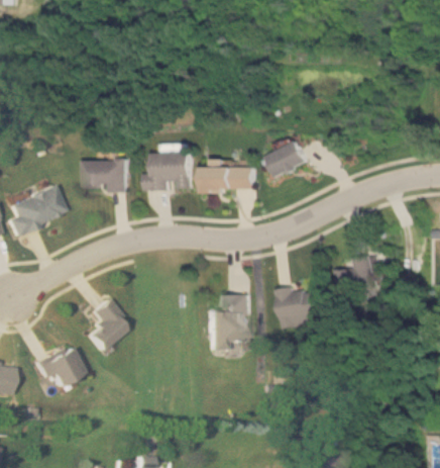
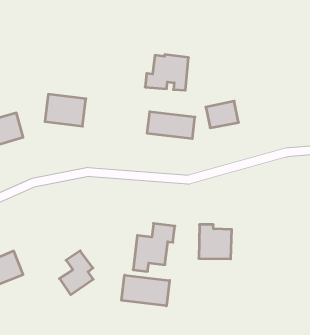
building: [150,150,198,190] -> [145,55,189,90]
building: [339,255,380,295] -> none
building: [88,298,127,351] -> [59,251,93,295]
building: none -> [122,275,170,306]

